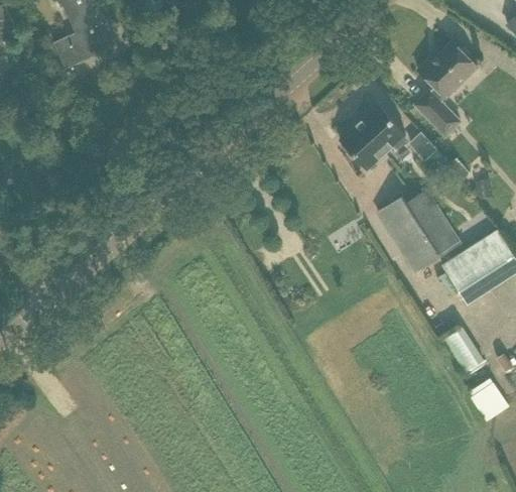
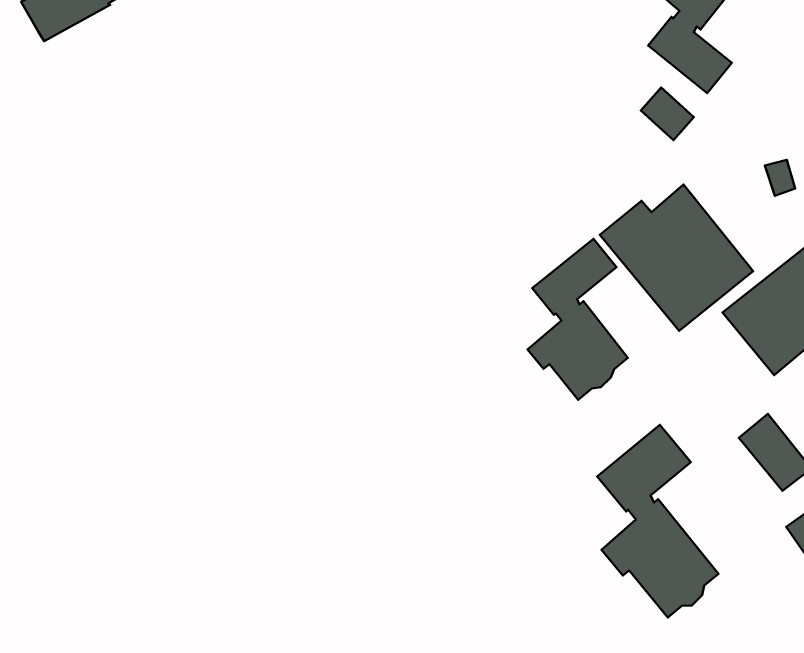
building: [339,104,405,169] -> none
building: none -> [528,239,628,400]
building: none -> [597,425,718,617]

